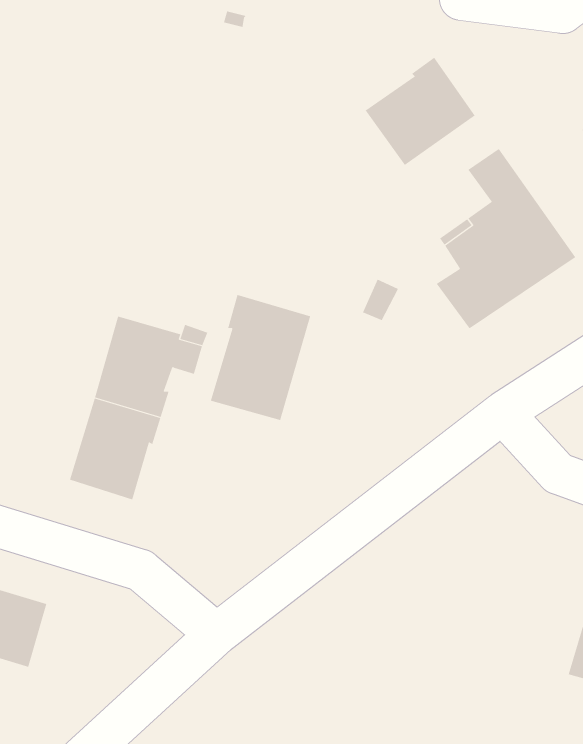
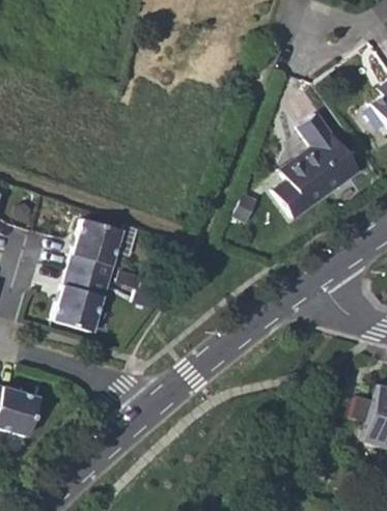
building: [365,57,475,166] -> none
building: [210,294,311,421] -> none

